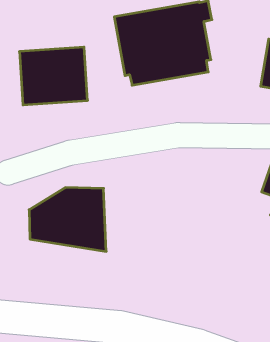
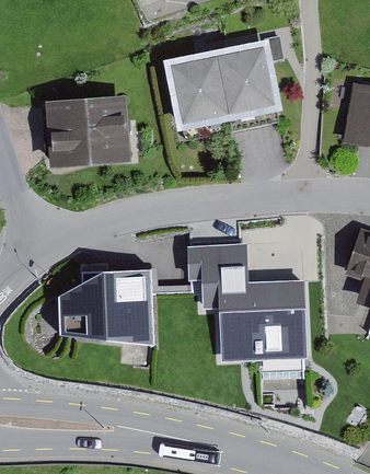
building: none -> [186,244,308,363]

